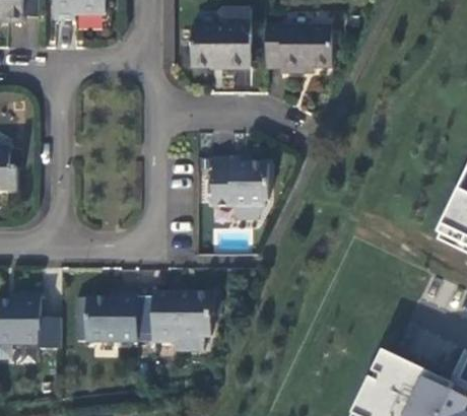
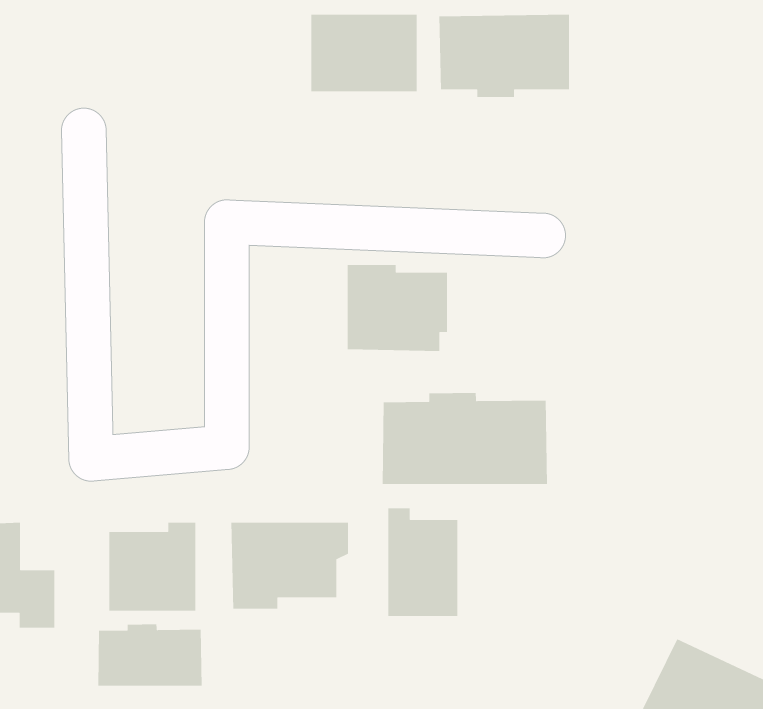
building: none -> [382,392,548,485]
building: none -> [388,508,458,617]
building: none -> [97,624,202,687]

